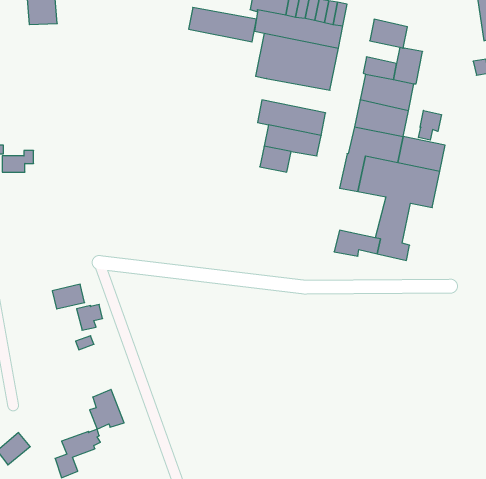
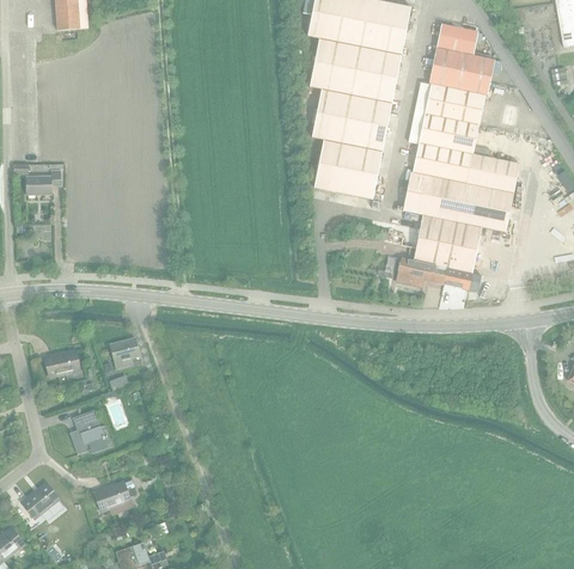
building: [189,7,256,42] -> [316,88,391,127]
building: none -> [432,47,469,72]
building: [419,110,441,140] -> none
building: none -> [343,170,377,198]
building: none -> [414,214,453,265]
building: [52,284,85,309] -> [44,349,80,377]
building: [90,389,124,429] -> [69,409,108,453]

